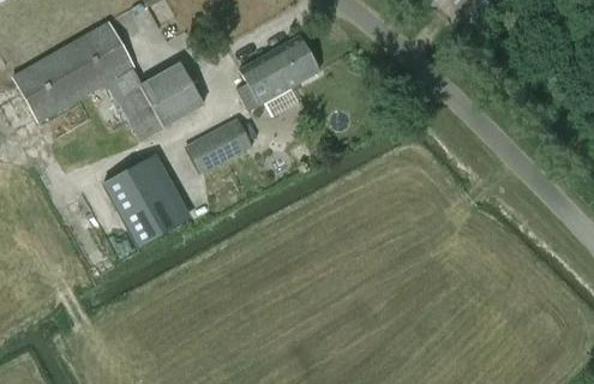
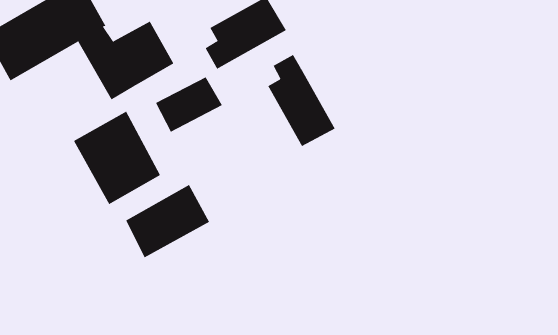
building: none -> [267,54,335,147]
building: none -> [126,184,210,258]

